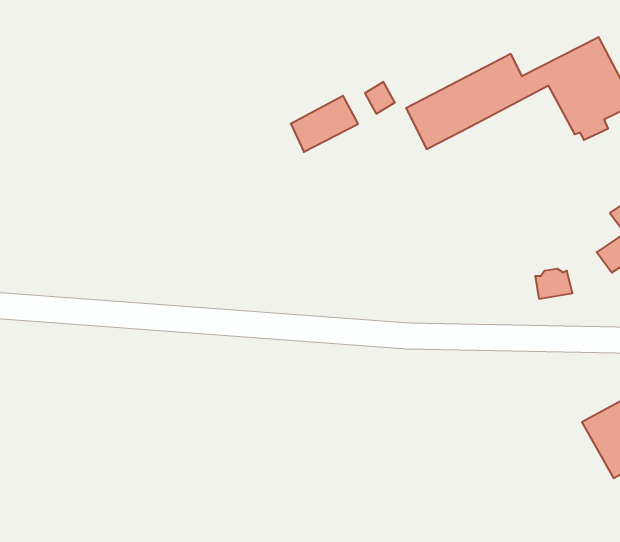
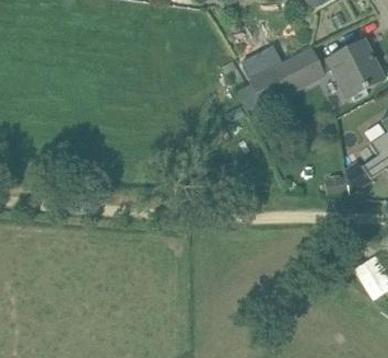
building: [291,96,358,152] -> [242,45,281,78]

